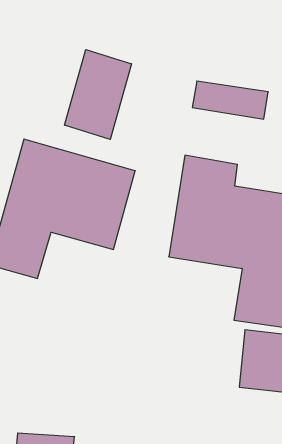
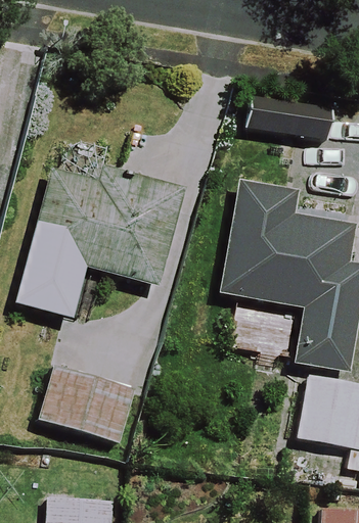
building: [65,50,132,139] -> none
building: none -> [38,371,130,441]

